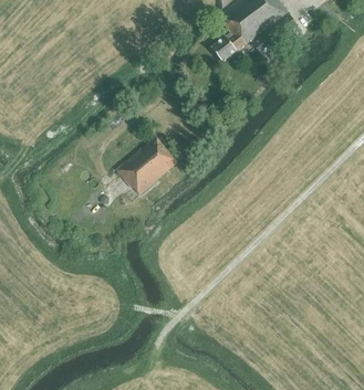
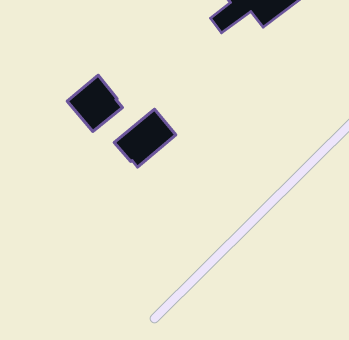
building: none -> [67,75,123,132]

